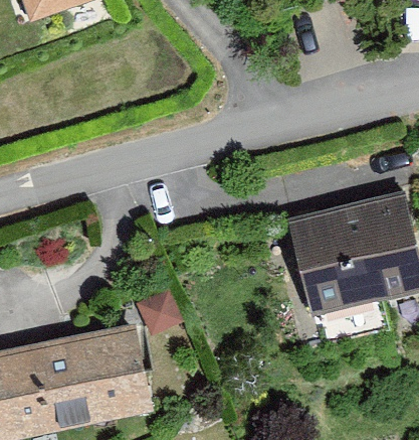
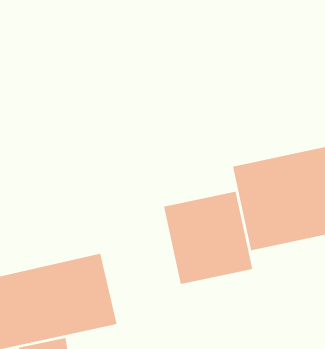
building: none -> [163,191,253,285]

